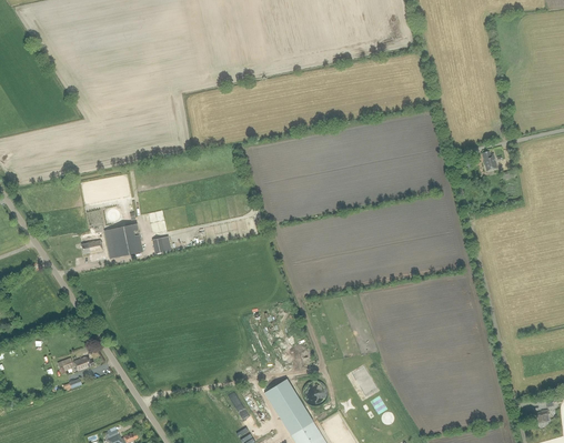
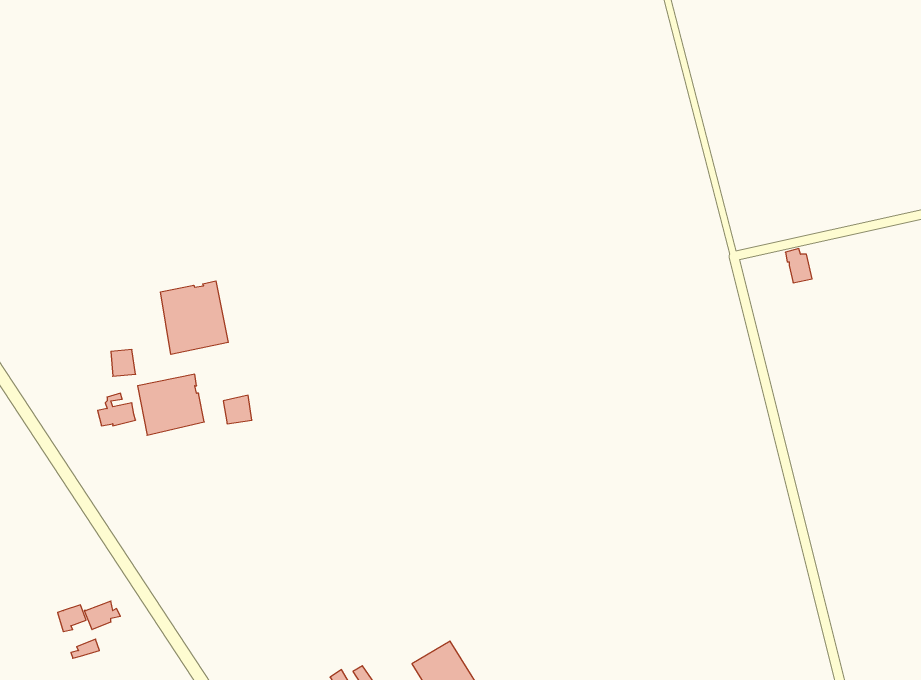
building: none -> [161,281,228,354]

